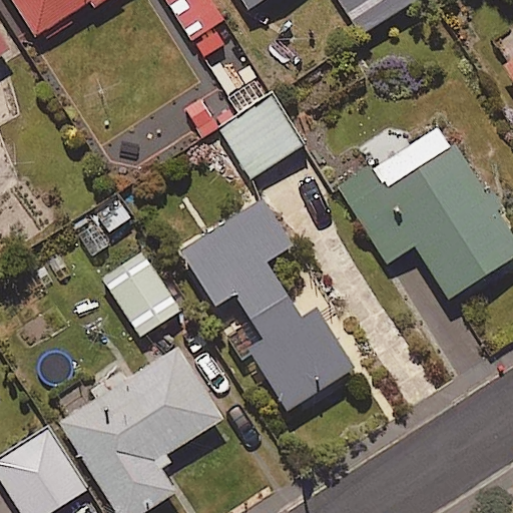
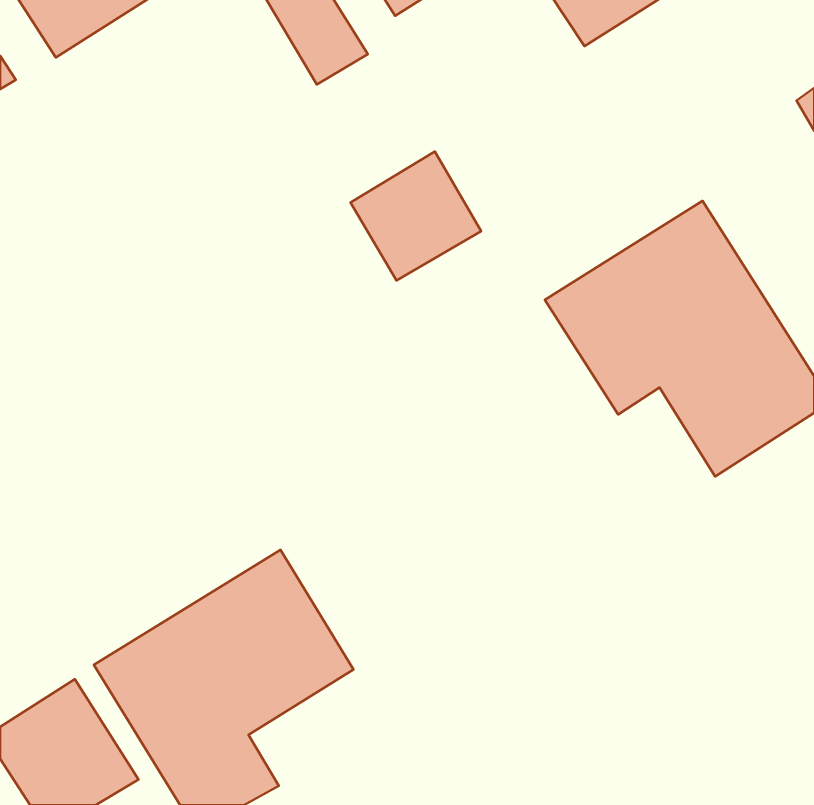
building: [179,201,355,411] -> none
building: [103,251,180,337] -> none

